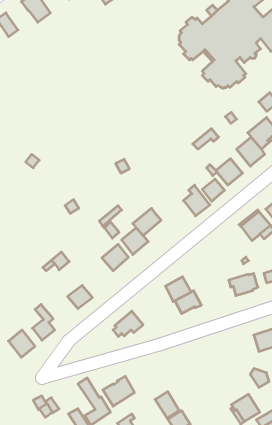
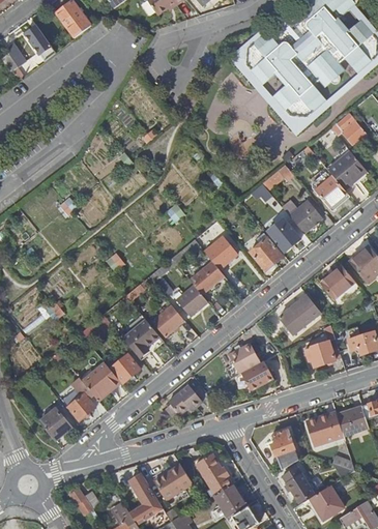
building: none -> [204,237,237,269]
building: none -> [279,295,321,335]
building: none -> [123,319,159,357]
building: none -> [82,362,120,398]
building: none -> [307,412,343,445]
building: none -> [270,430,298,469]
building: none -> [196,453,230,488]
building: none -> [282,466,314,502]

